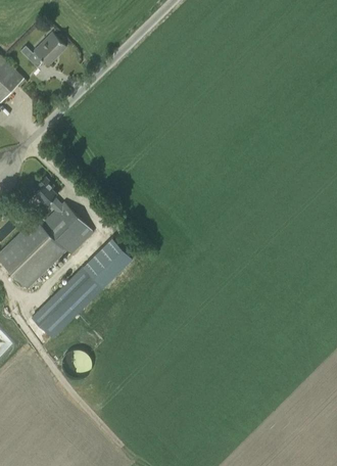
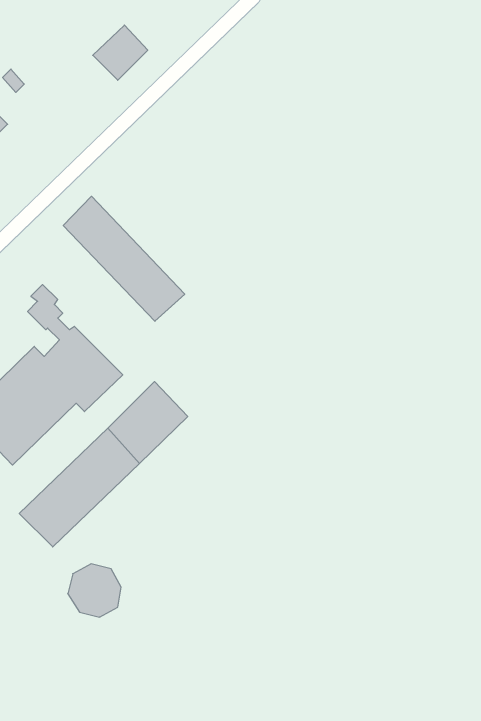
building: [32,33,65,66] -> [93,25,148,80]
building: none -> [63,196,185,321]

